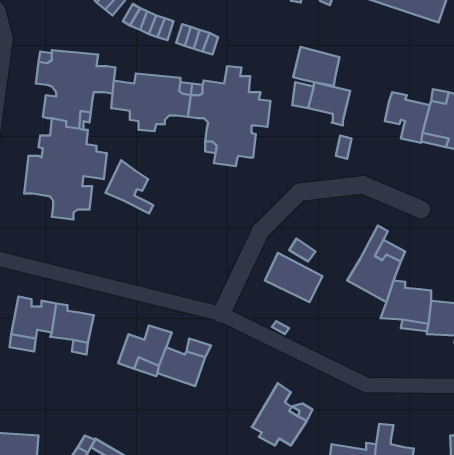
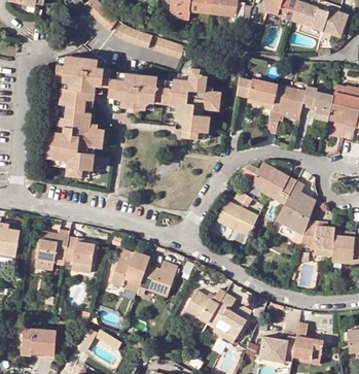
building: [293,47,340,86] -> [272,84,304,112]
building: [106,160,153,214] -> none
building: none -> [250,162,296,204]
building: none -> [184,288,225,322]

